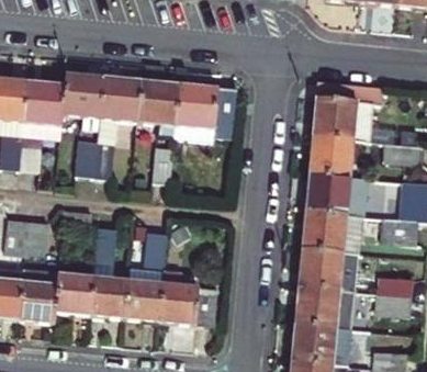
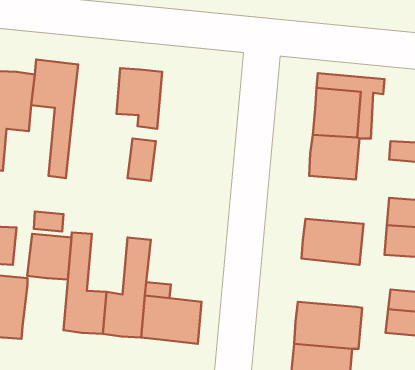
building: [93,76,142,179] -> none
building: [175,82,232,137] -> none
building: [306,174,368,217] -> none
building: [300,248,355,291] -> none
building: [55,271,94,312] -> [27,234,72,279]

